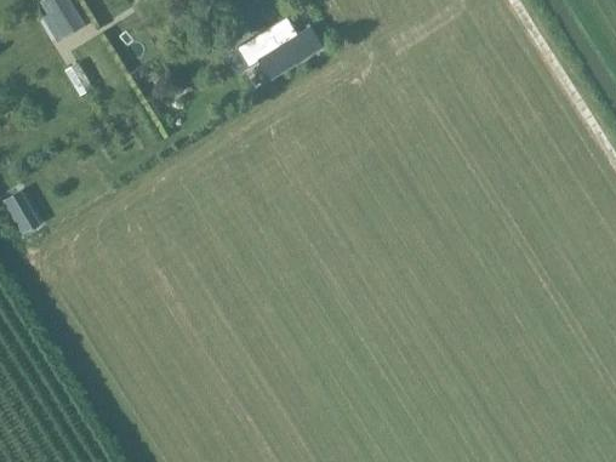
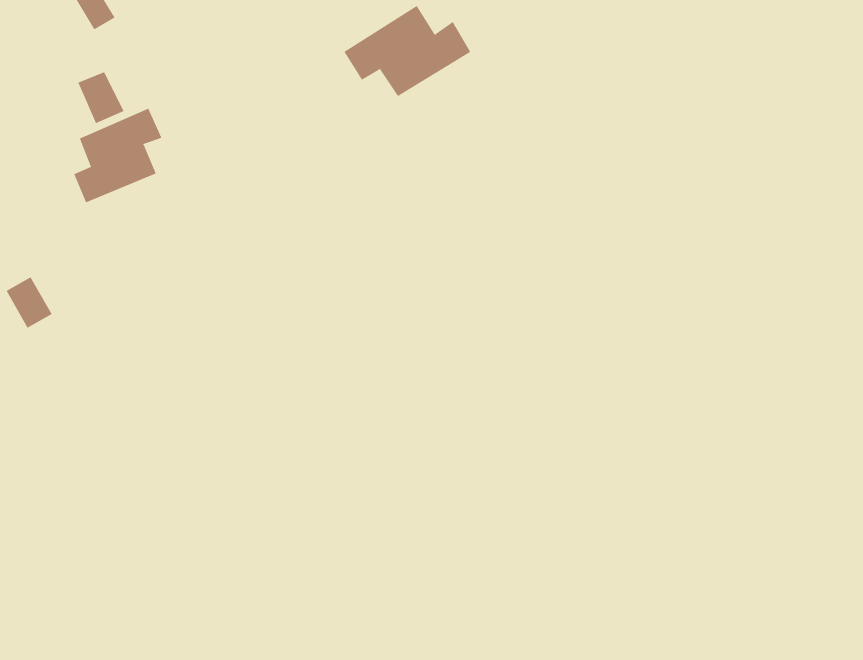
building: none -> [73,108,162,203]

